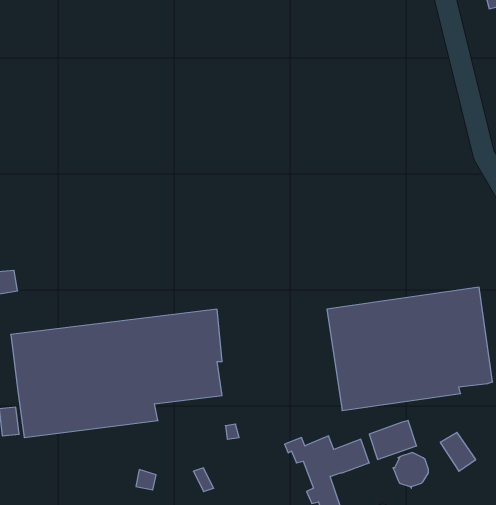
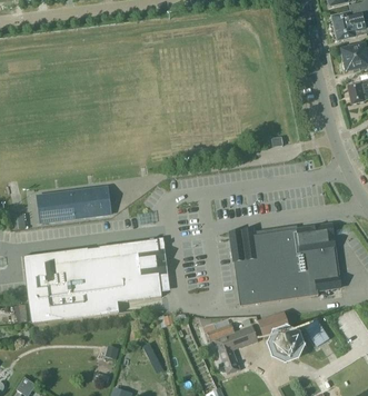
building: none -> [38,187,111,222]

